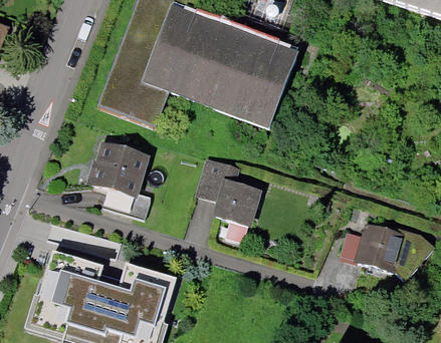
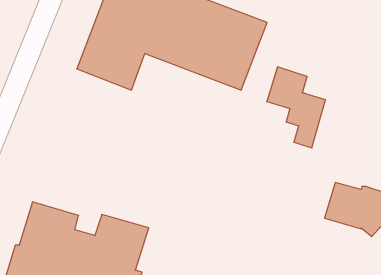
building: [93,145,153,220] -> none
building: [198,158,259,243] -> [267,67,325,148]

